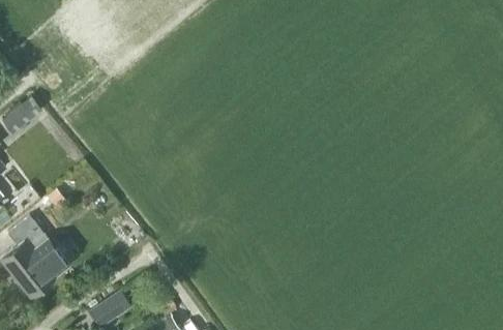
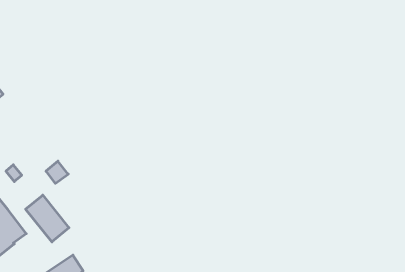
building: none -> [26,195,69,242]

